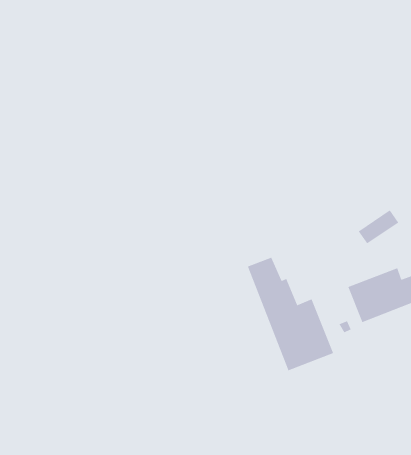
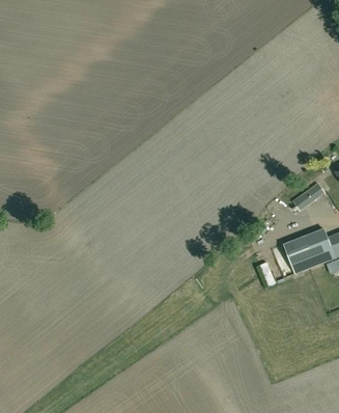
building: [247,257,334,371] -> none

